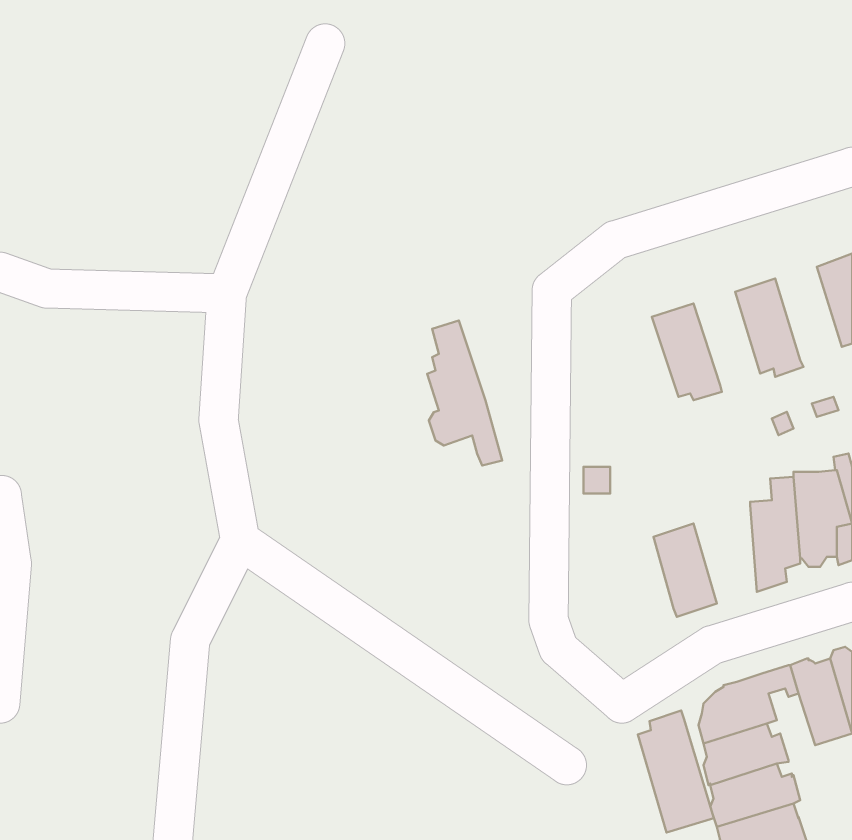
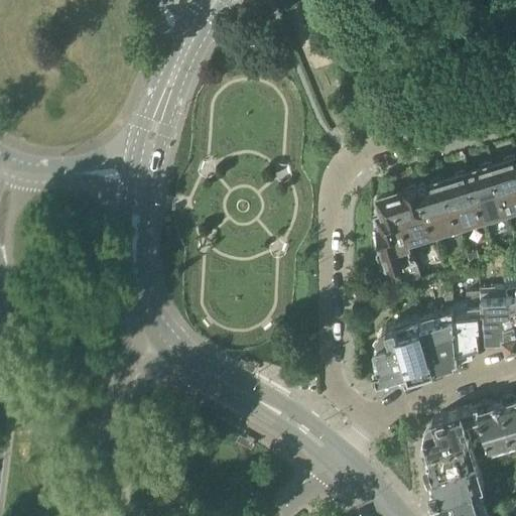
building: none -> [469,168,511,227]
building: none -> [419,183,461,242]
building: [427,320,502,465] -> [375,199,420,286]
building: none -> [419,312,458,372]
building: none -> [376,332,407,383]
building: [638,711,714,833] -> none

